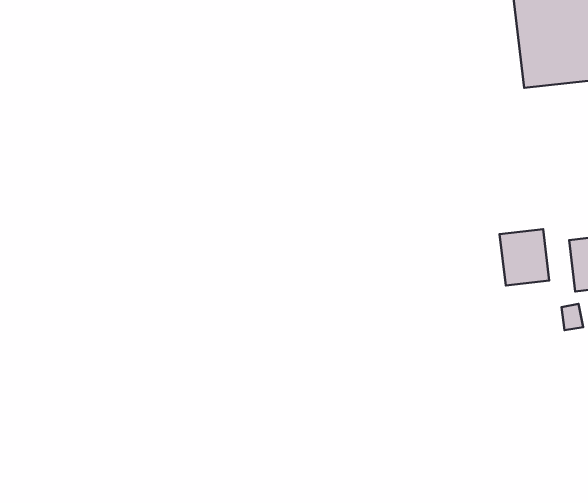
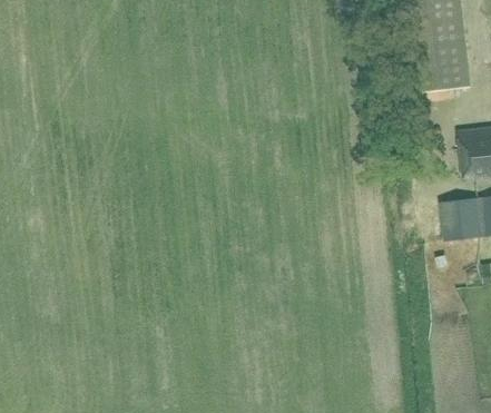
building: [500,229,549,285] -> none

